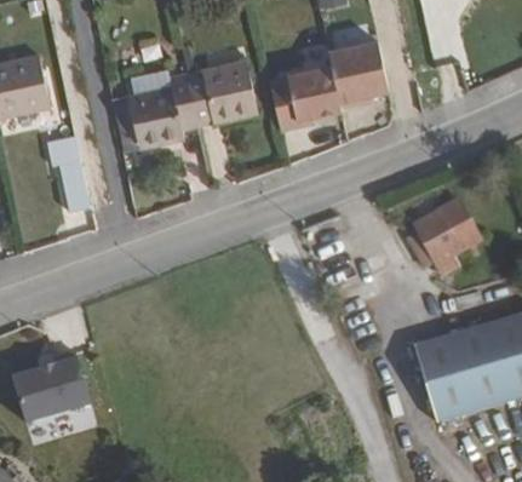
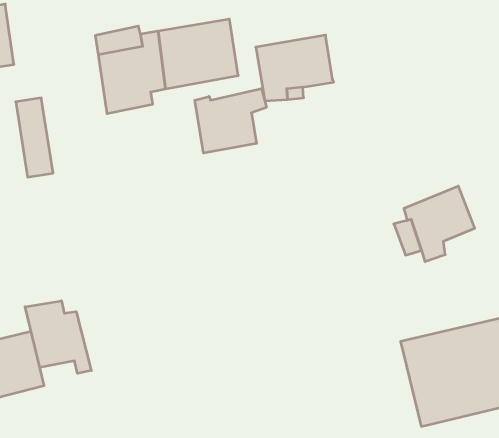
building: [328,41,386,108] -> none
building: none -> [195,88,266,153]
building: none -> [25,301,91,373]

